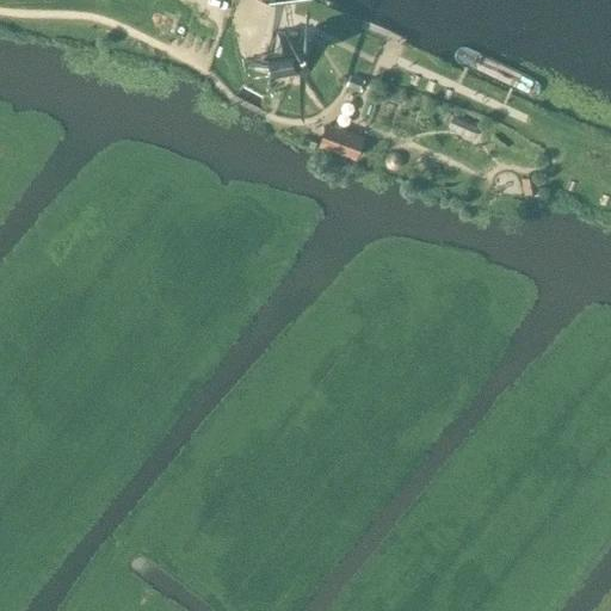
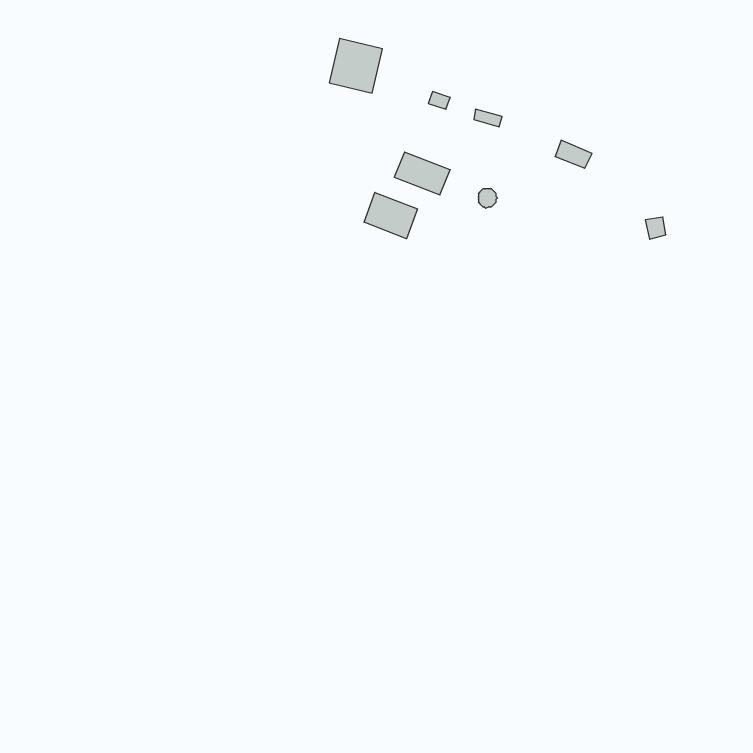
building: none -> [364,192,418,239]

